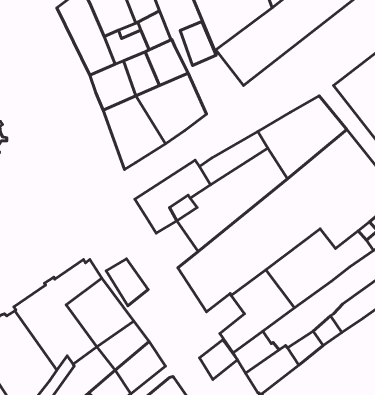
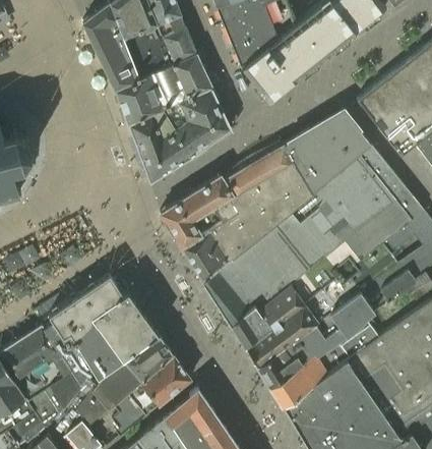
building: [180,21,216,65] -> [148,67,184,111]
building: [106,259,148,306] -> [181,235,223,282]
building: [200,339,237,379] -> [231,307,268,347]

